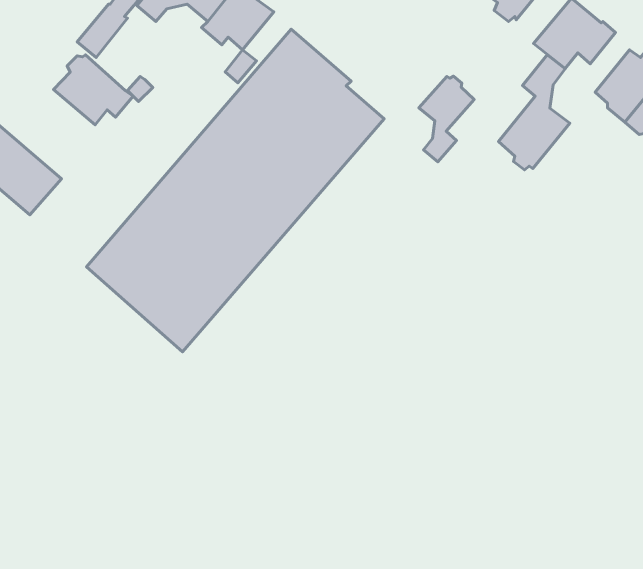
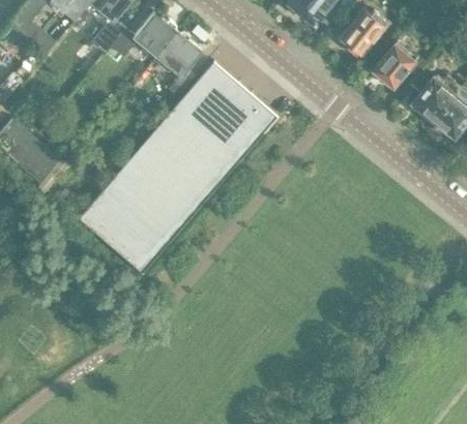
building: [498,55,570,170] -> none
building: [54,55,133,125] -> none
building: [419,76,474,162] -> none

